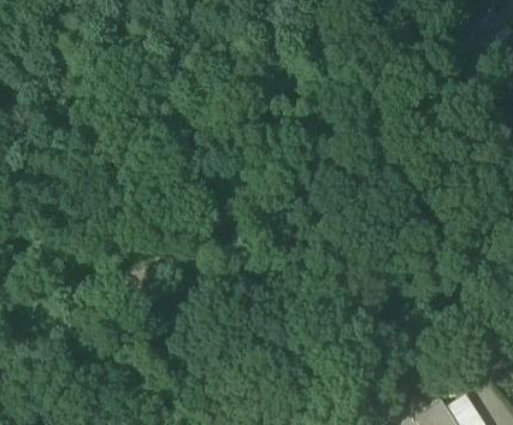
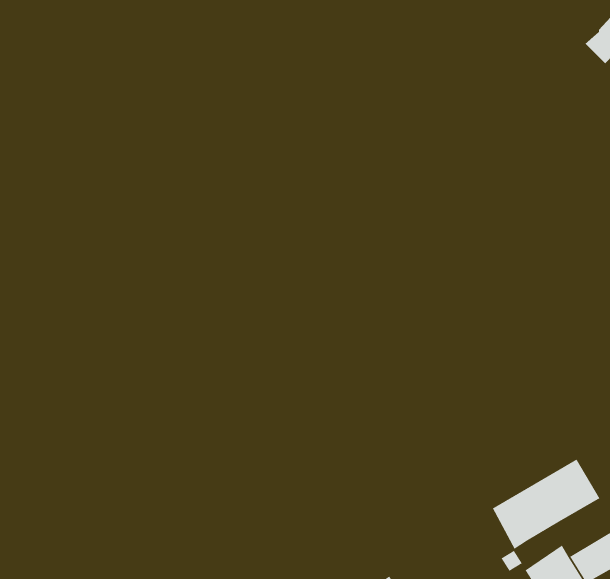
building: none -> [492,458,600,550]

